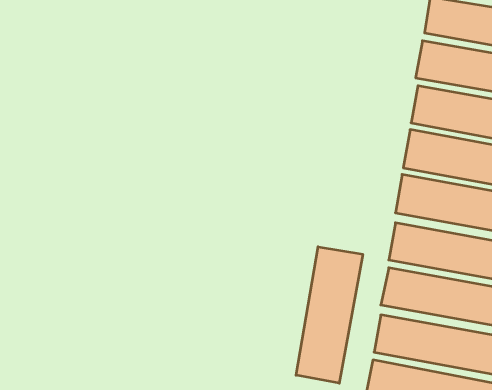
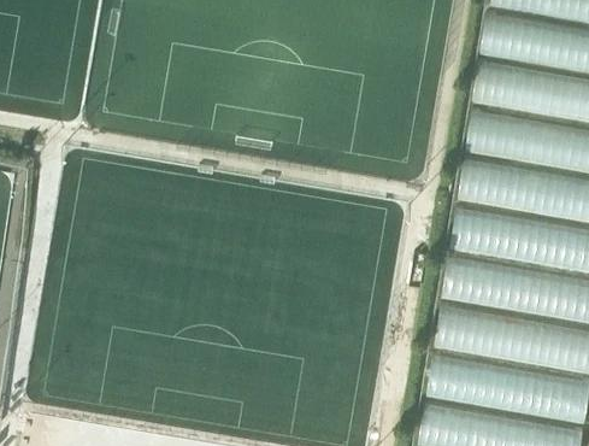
building: [296,247,363,383] -> none

